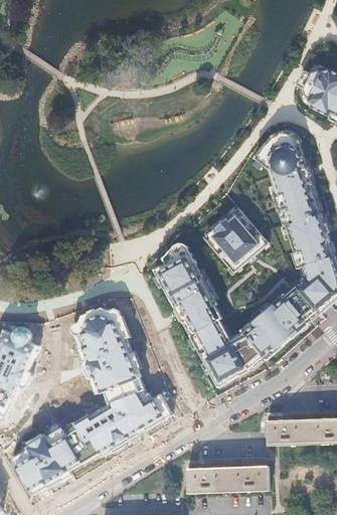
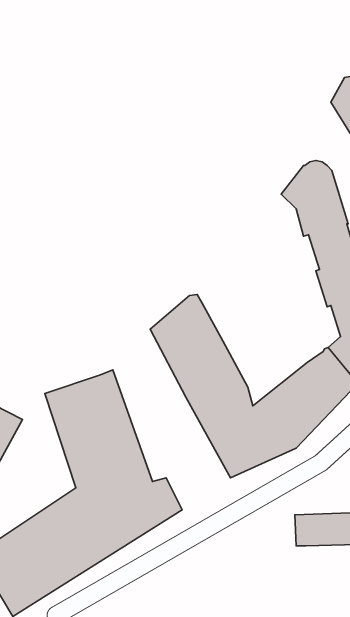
building: [203,207,267,271] -> none
building: [187,464,270,492] -> none

